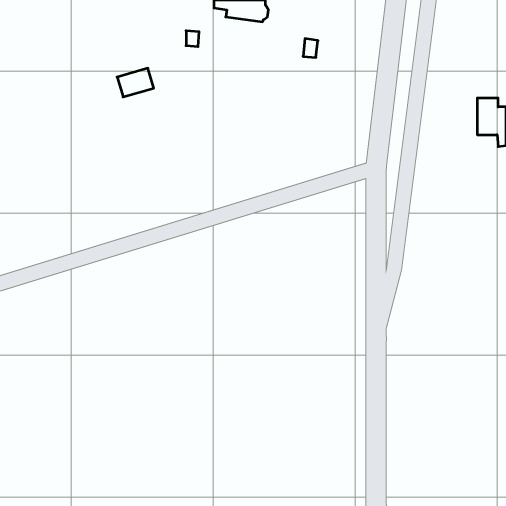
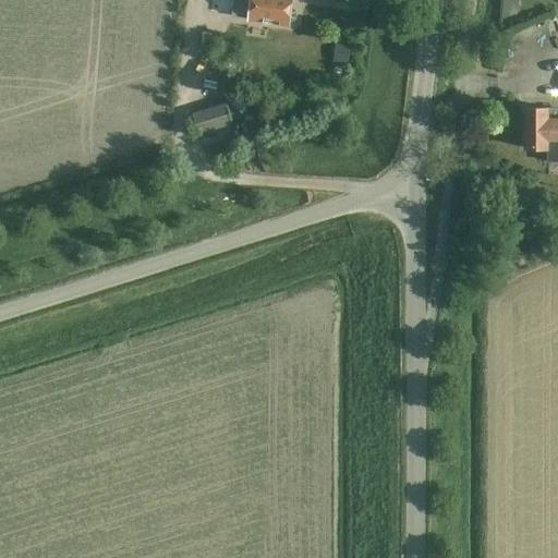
building: [117,68,154,97] -> [191,100,231,132]

